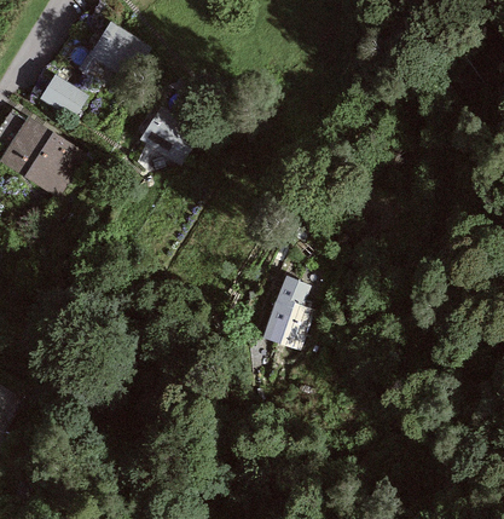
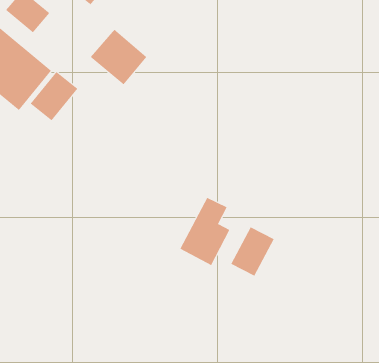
building: none -> [30,71,78,121]
building: none -> [231,227,274,276]

